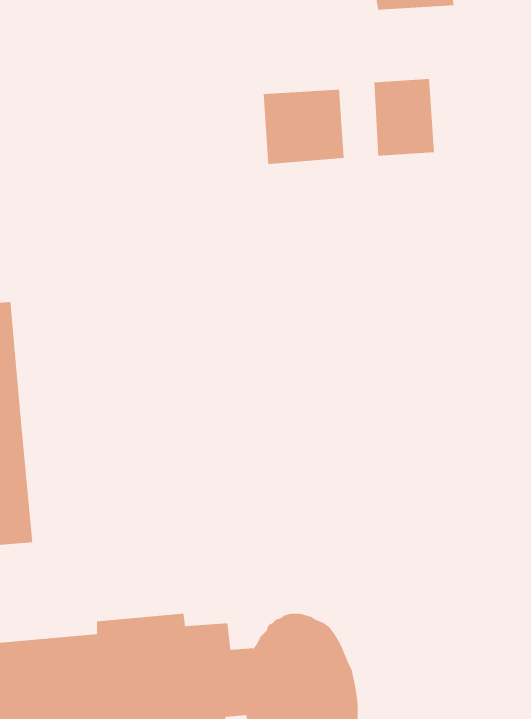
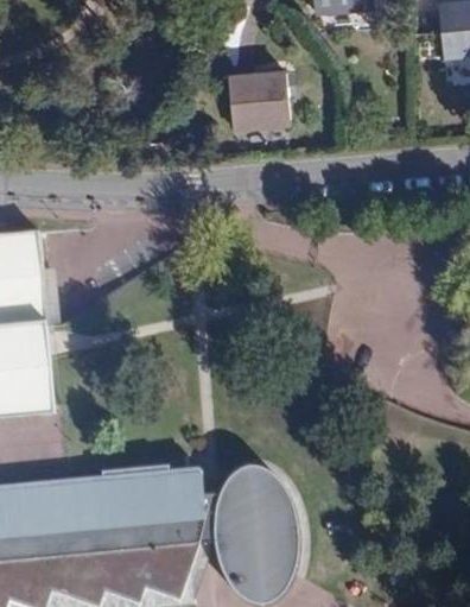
building: [374,78,435,157] -> none

